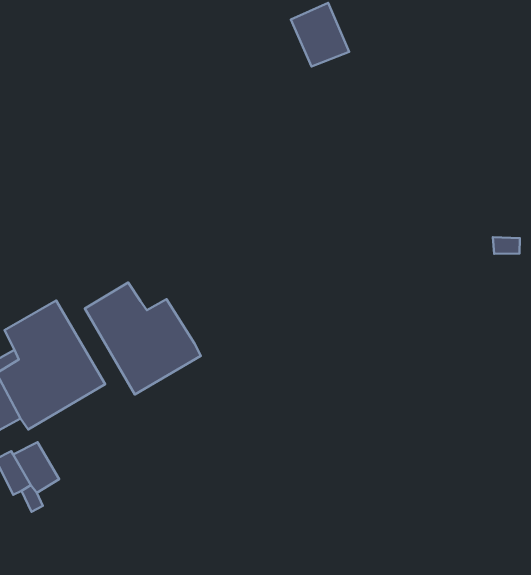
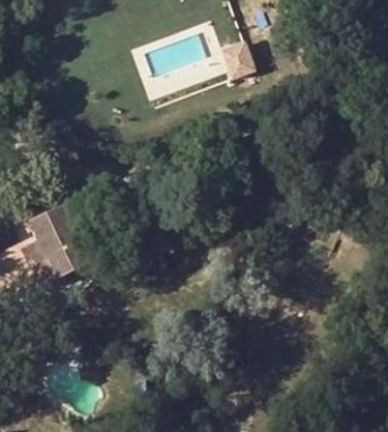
building: [85,282,201,394] -> none

